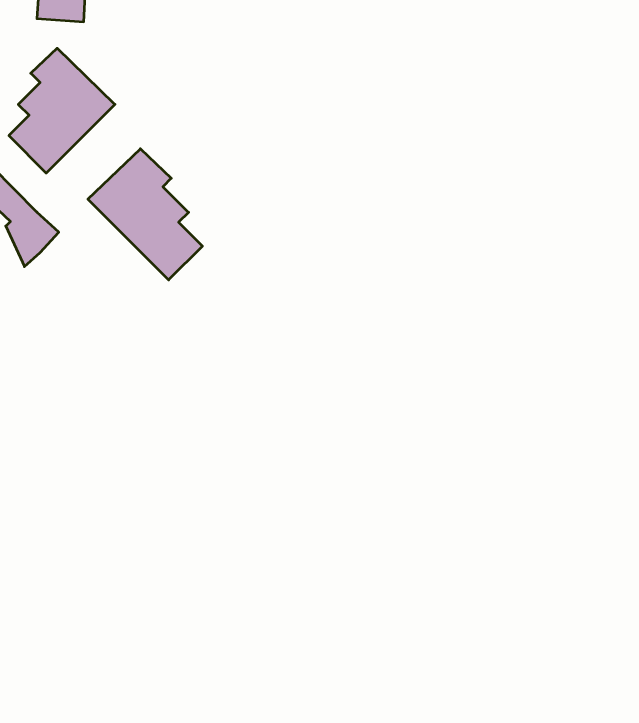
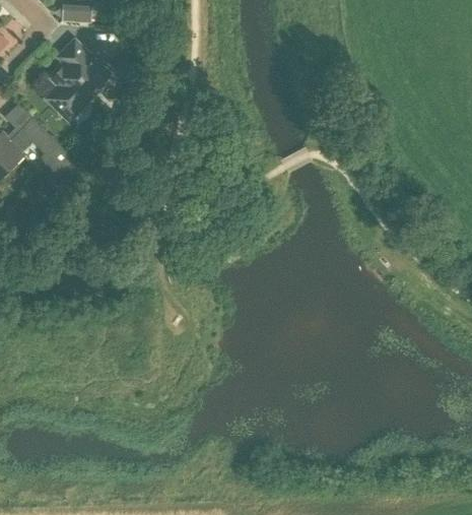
building: [88,149,202,280] -> none

